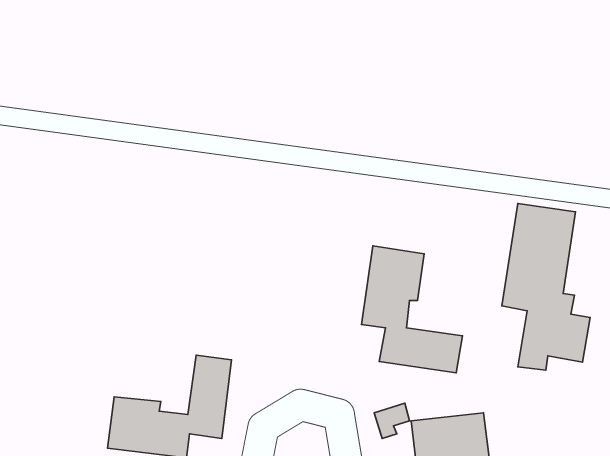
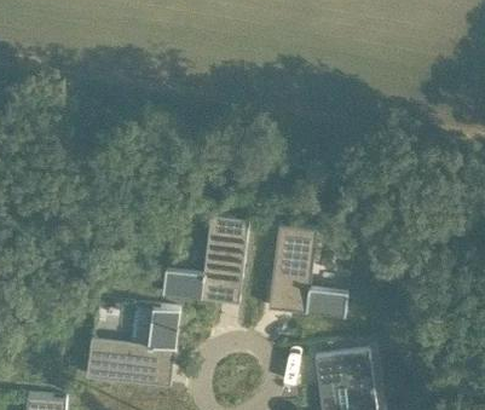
building: [502,204,590,370] -> none
building: none -> [162,214,249,301]

